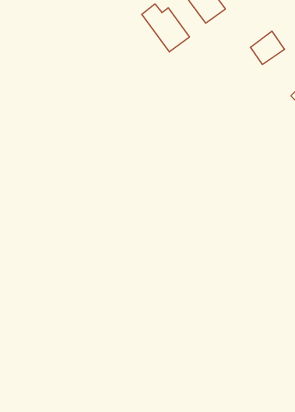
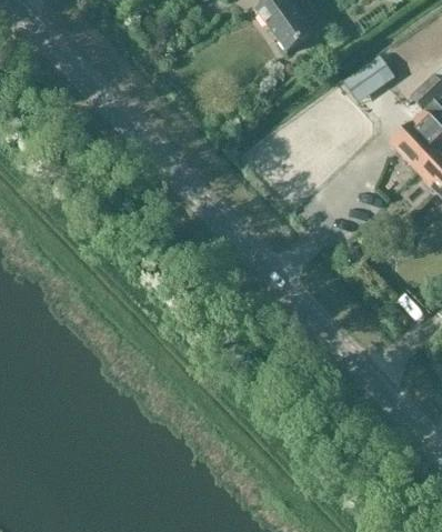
building: [142,4,189,52] -> none

